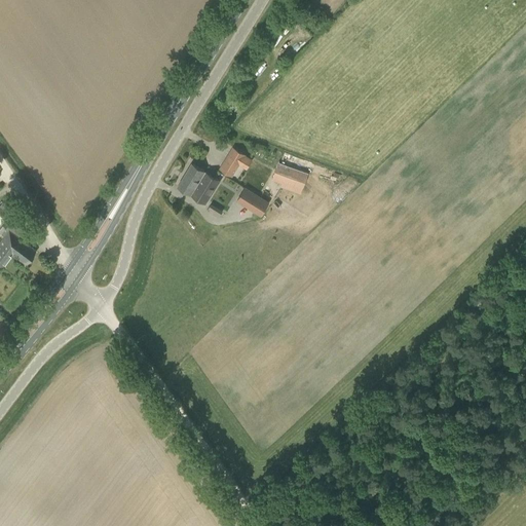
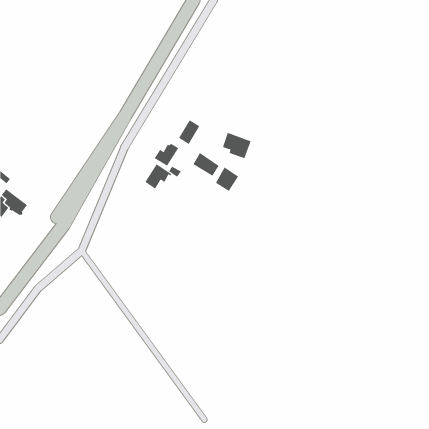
building: [175,162,209,194] -> [144,163,172,189]
building: none -> [215,167,239,192]

